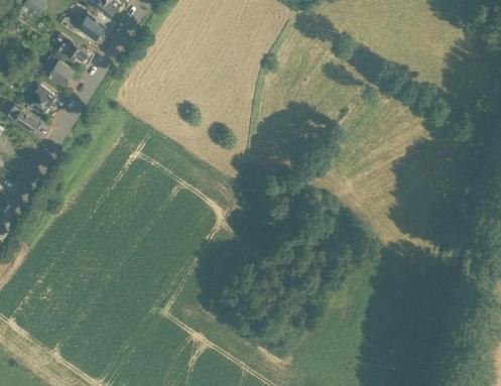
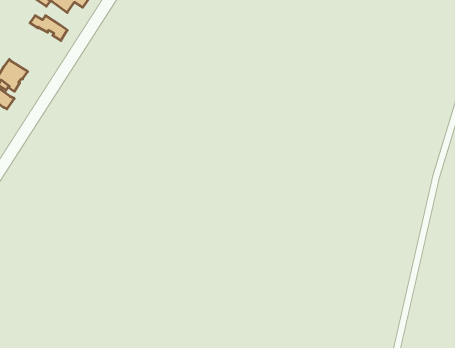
building: [47,58,74,85] -> none

